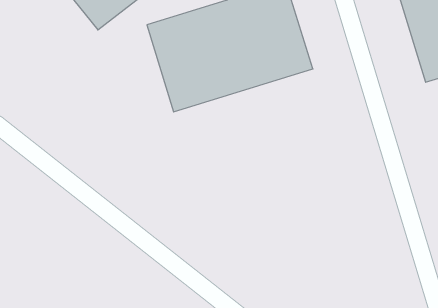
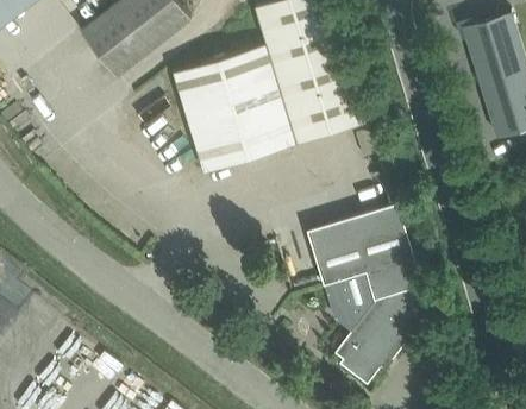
building: none -> [306,203,427,385]

